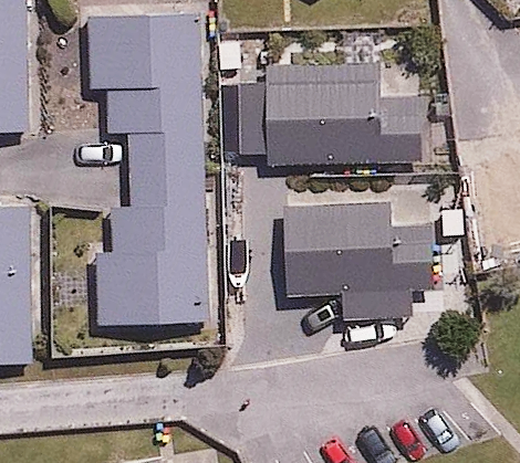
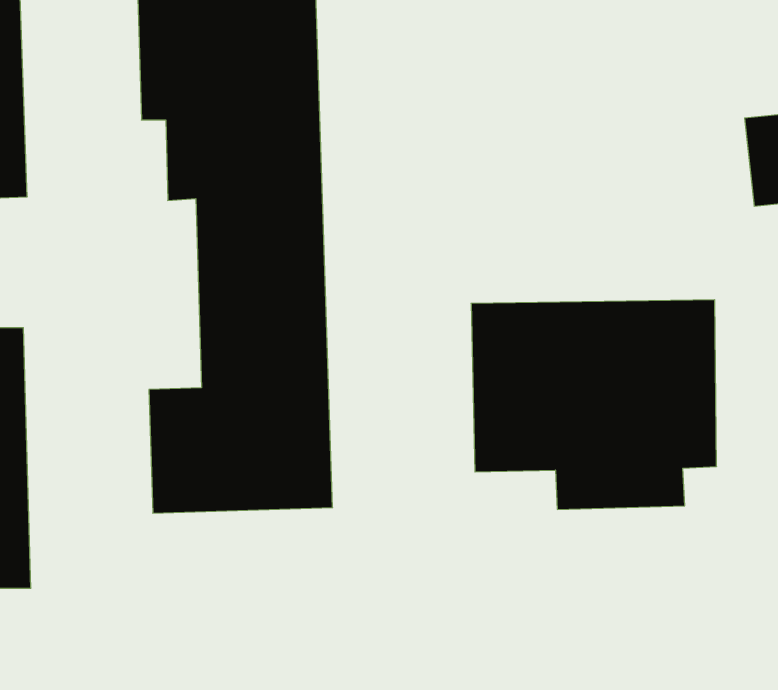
building: [263,73,427,166] -> none

